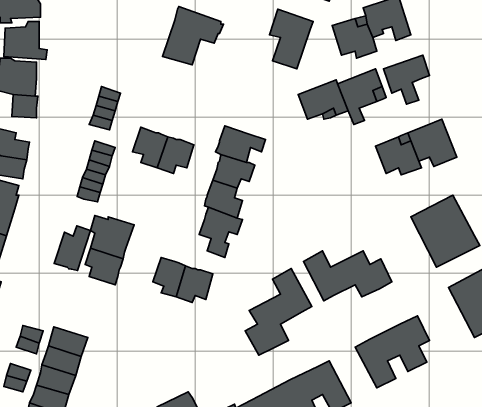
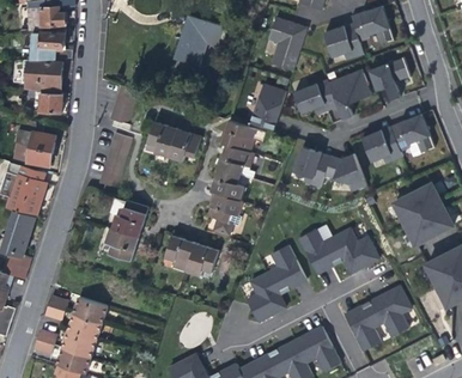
building: none -> [250,84,285,130]
building: none -> [293,146,366,191]
building: [54,226,91,271] -> none

